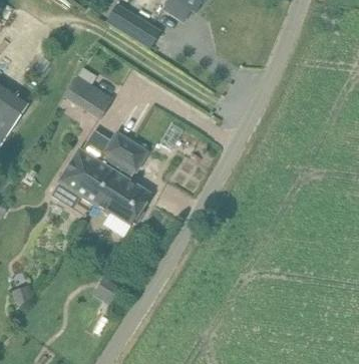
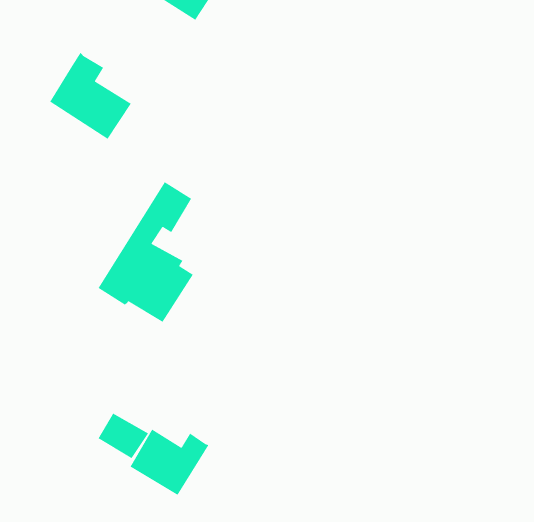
building: [57,131,131,204] -> none
building: none -> [129,428,210,496]

